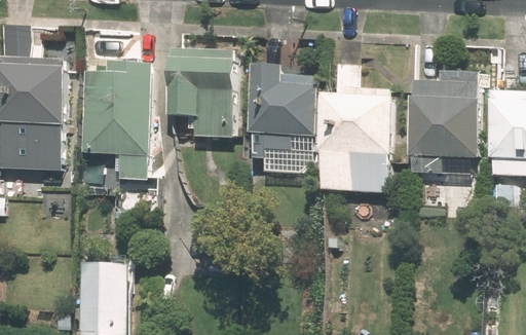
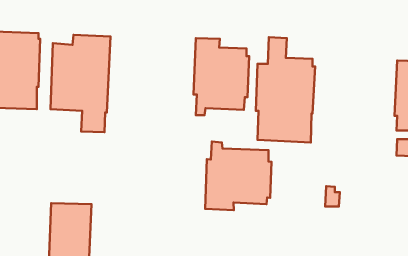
building: [171,47,239,137] -> none
building: [407,74,479,175] -> none
building: none -> [205,142,272,210]

